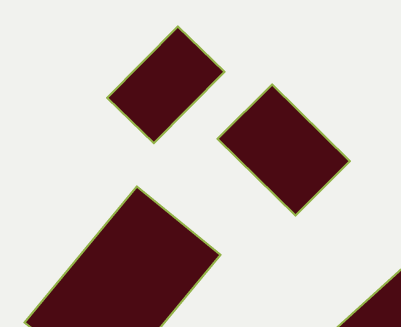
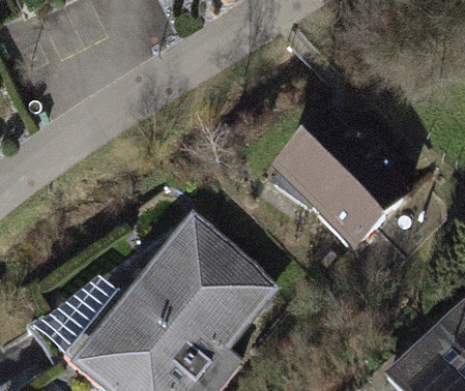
building: [107,26,224,143] -> none

